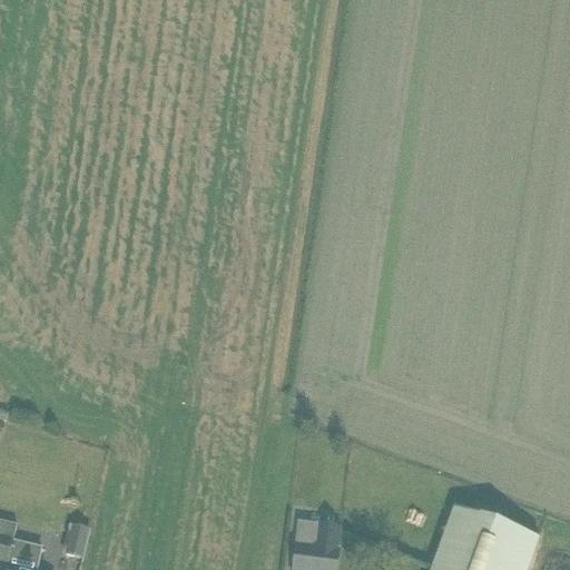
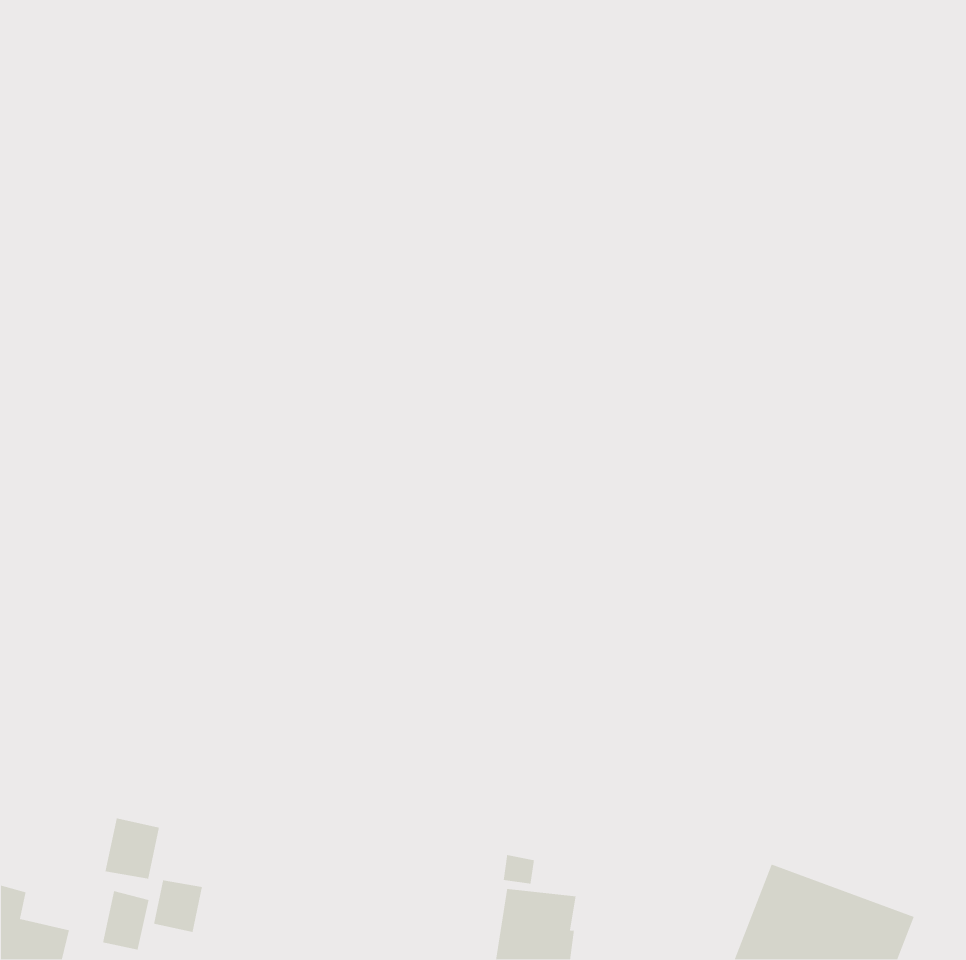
building: none -> [104,818,160,880]
building: none -> [153,879,203,933]

